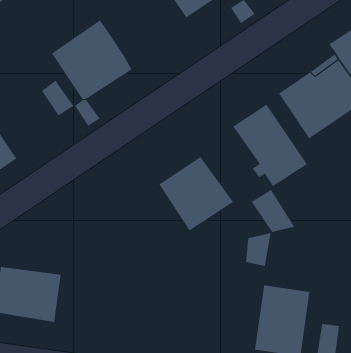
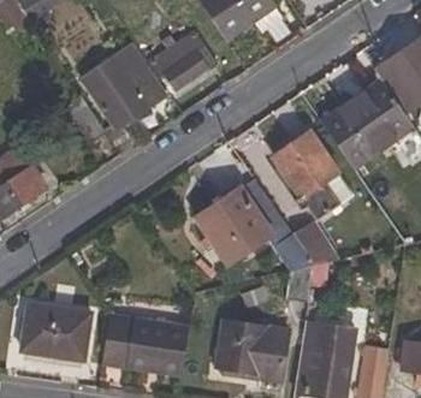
building: none -> [149,29,224,90]
building: none -> [102,314,189,374]
building: none -> [215,320,291,384]

